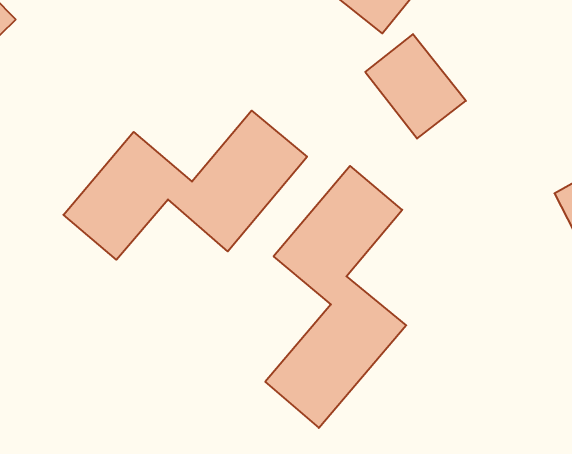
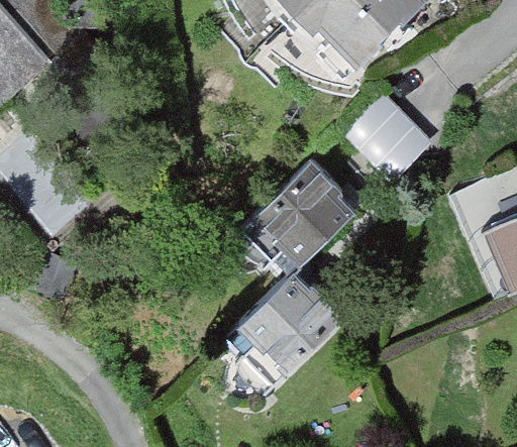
building: [63,111,307,260] -> none

